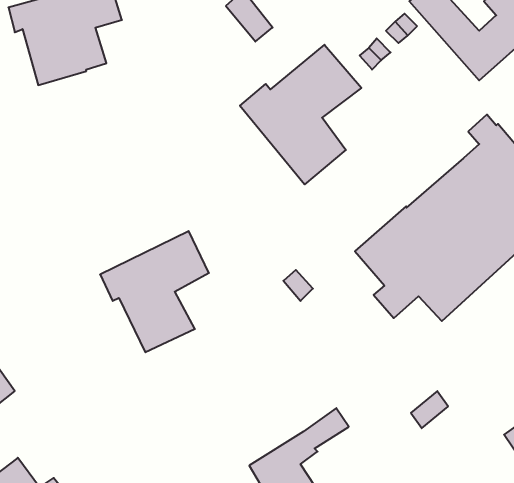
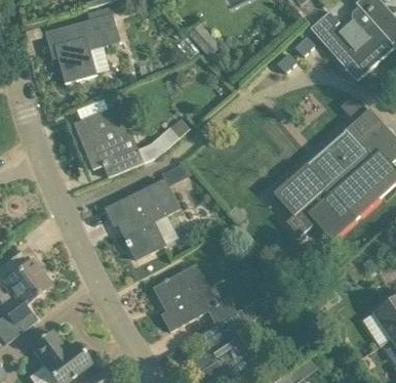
building: [240,45,361,184] -> none
building: none -> [74,104,190,177]
building: none -> [153,263,237,331]

